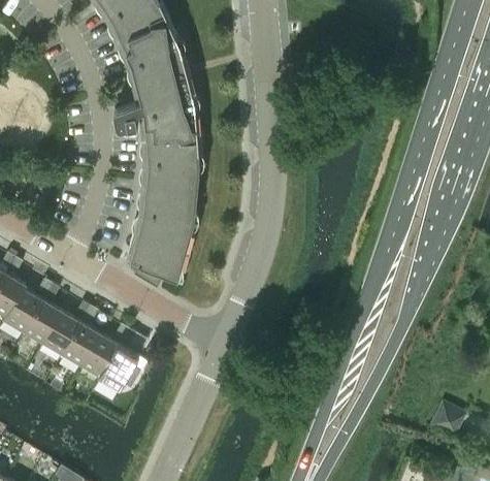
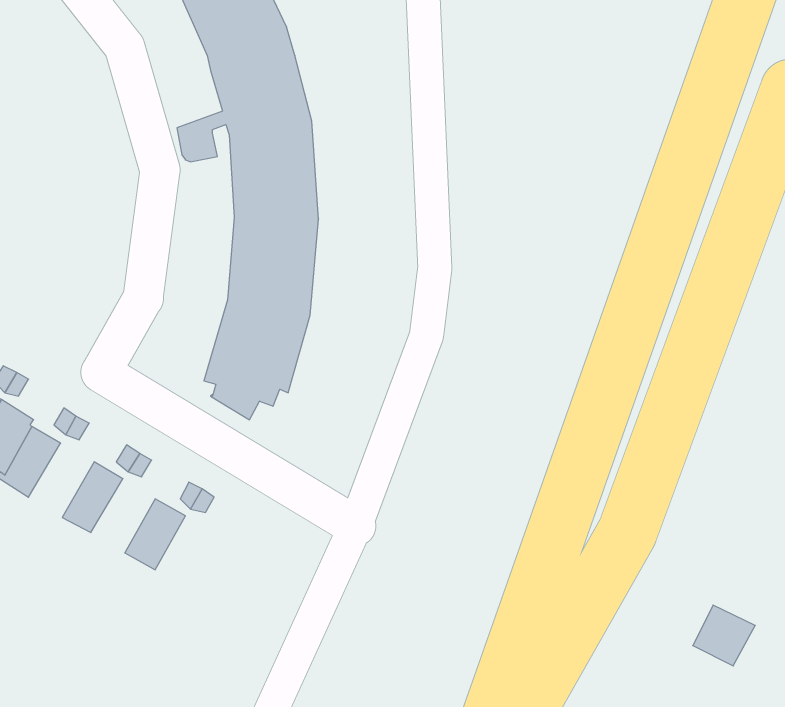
building: [21,299,61,345] -> none
building: [59,321,98,366] -> none
building: [98,344,139,389] -> none

